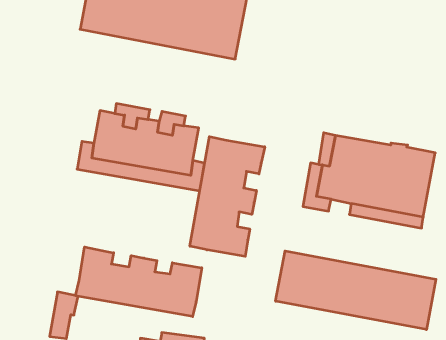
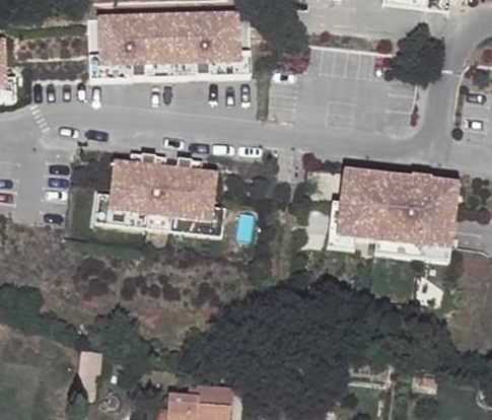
building: [190,137,265,256] -> none
building: [76,247,202,317] -> none
building: [276,251,436,330] -> none

